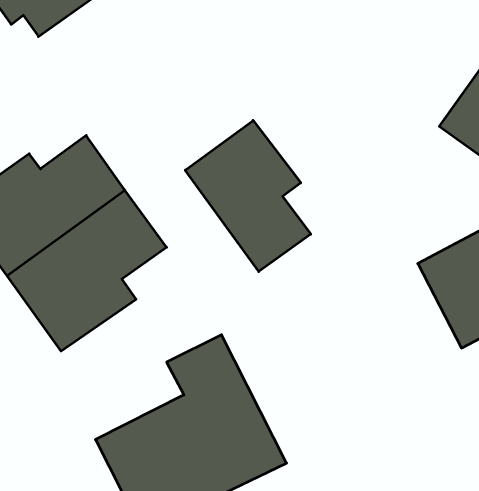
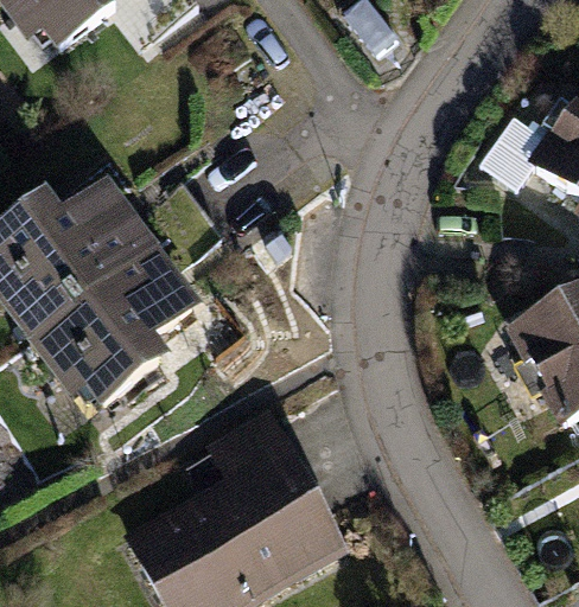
building: [185,120,311,272] -> none

